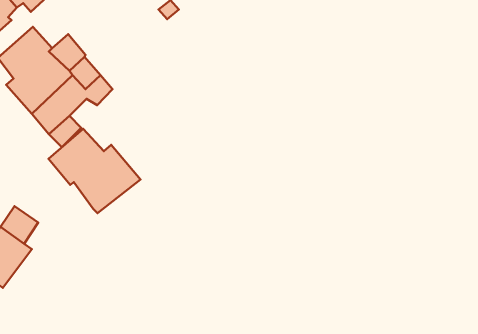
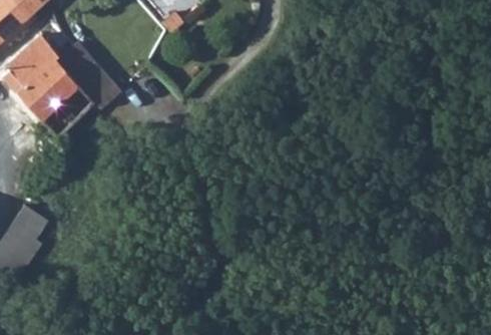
building: [48,129,141,213] -> none

